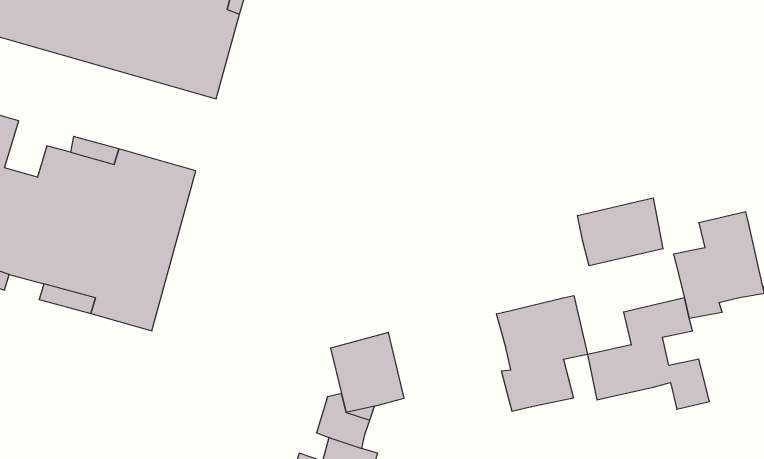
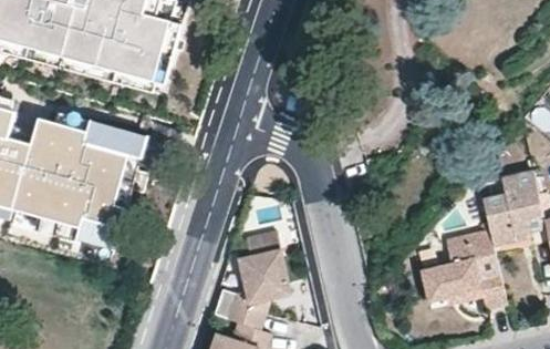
building: [578,198,663,266] -> none
building: [497,296,587,411] -> none

